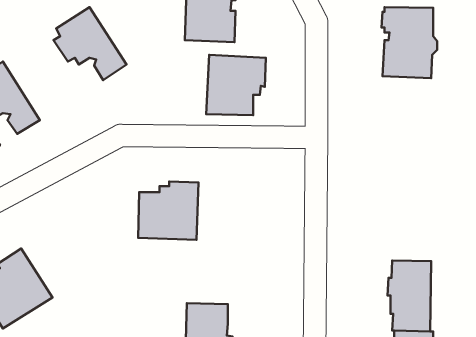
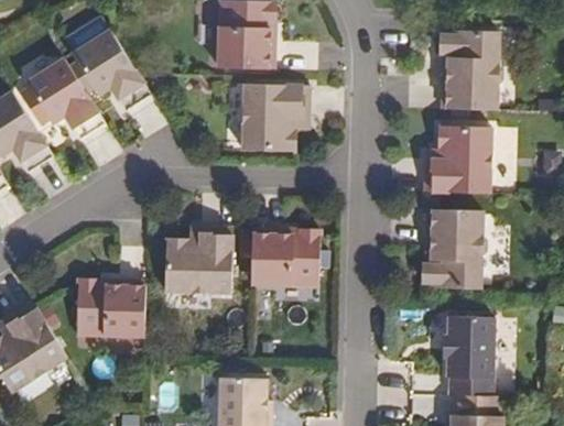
building: none -> [25,58,105,141]
building: none -> [425,125,491,193]
building: none -> [422,209,487,290]
building: none -> [250,228,319,286]
building: none -> [76,280,145,338]

